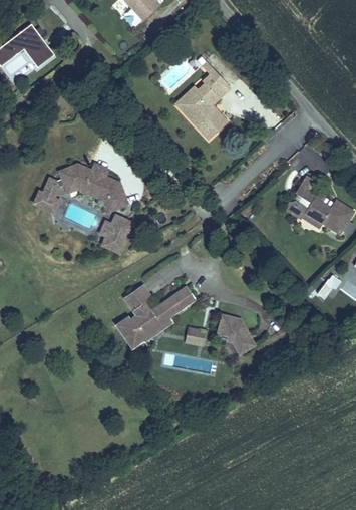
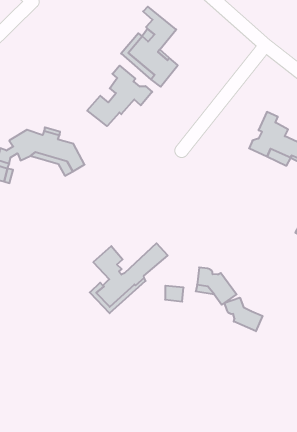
building: none -> [87,66,152,126]
building: [97,216,133,256] -> none
building: none -> [225,298,263,331]

